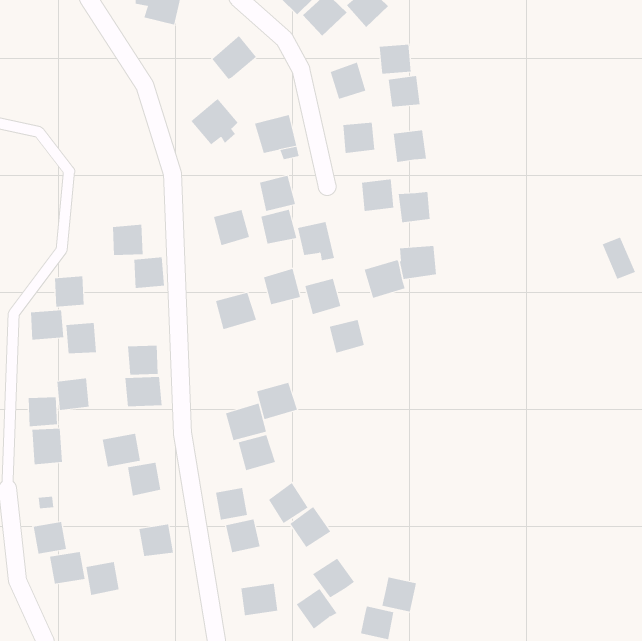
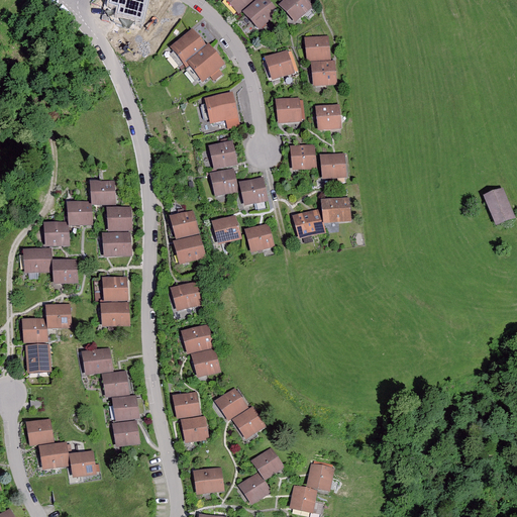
building: [191,99,238,145] -> [186,44,224,82]
building: [213,209,250,246] -> [170,210,199,239]
building: none -> [68,201,92,225]
building: none -> [102,232,131,257]
building: [329,319,365,353] -> none
building: [256,382,298,420] -> [171,281,204,311]
building: none -> [111,394,138,421]

